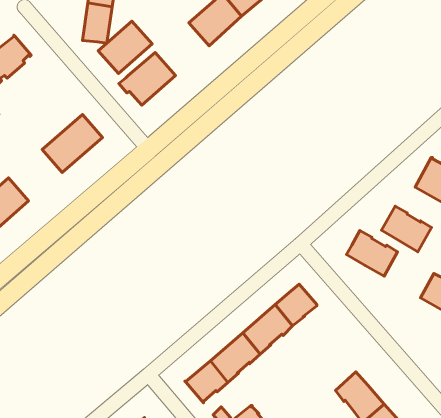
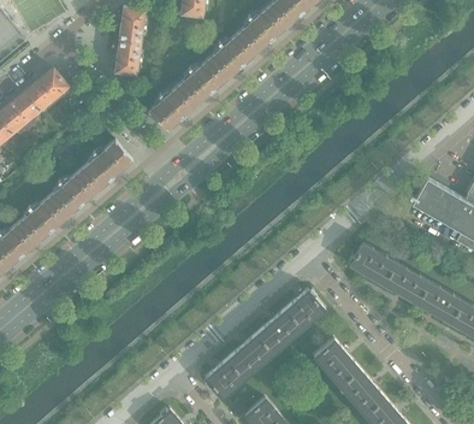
building: [98,21,152,74] -> [179,58,227,105]
building: none -> [48,171,96,217]
building: [382,206,431,252] -> [384,263,428,304]
building: none -> [314,341,359,387]

